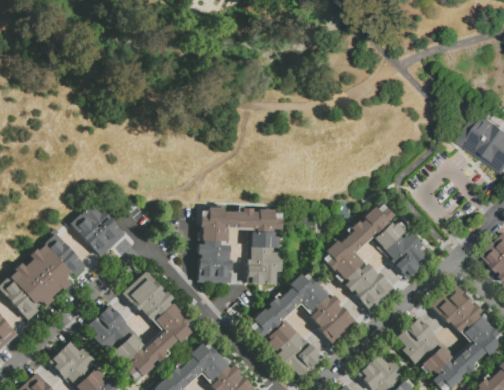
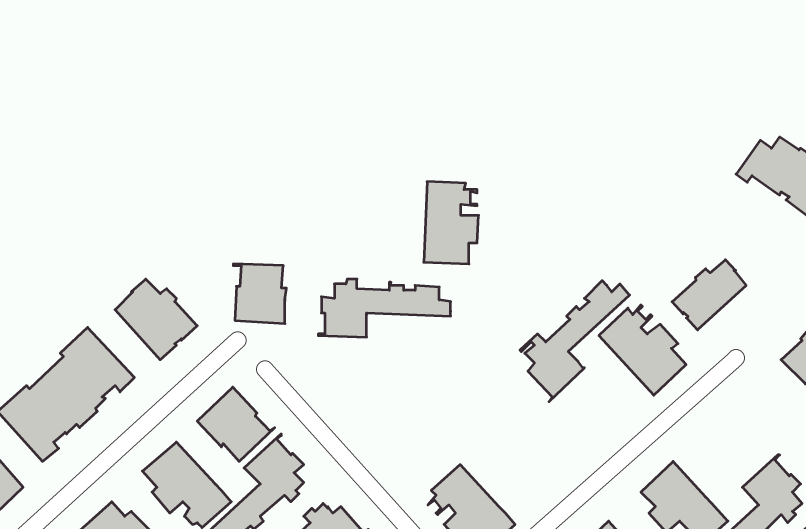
building: none -> [672,260,746,330]
building: [248,232,282,283] -> [424,182,479,264]
building: [198,245,231,282] -> [233,264,286,324]
building: [349,265,393,310] -> none
building: [254,275,330,337] -> none
building: [432,285,481,330] -> none
building: [312,298,356,344] -> none

